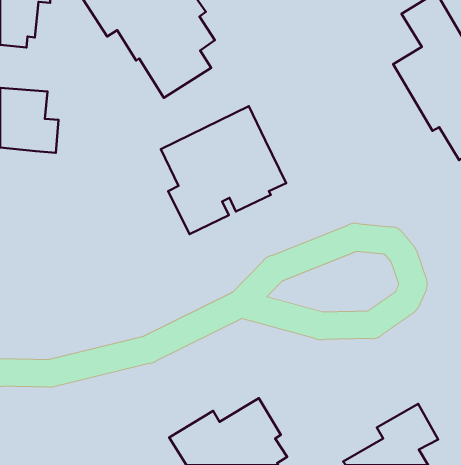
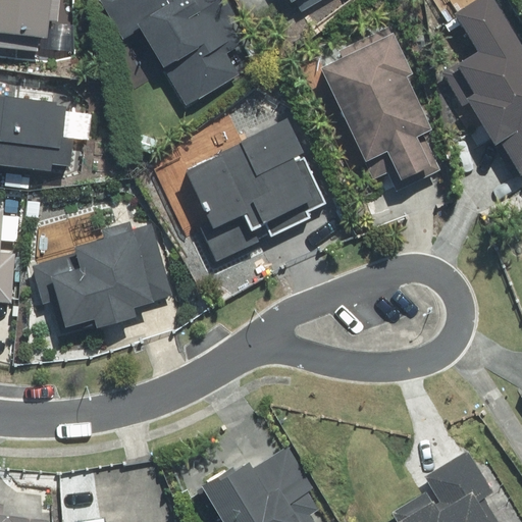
building: none -> [311,31,427,184]
building: none -> [32,219,178,330]

